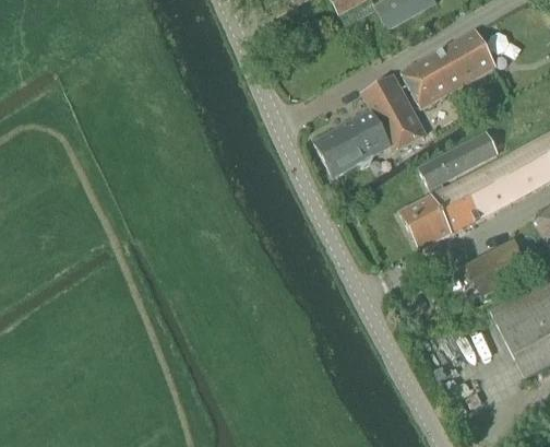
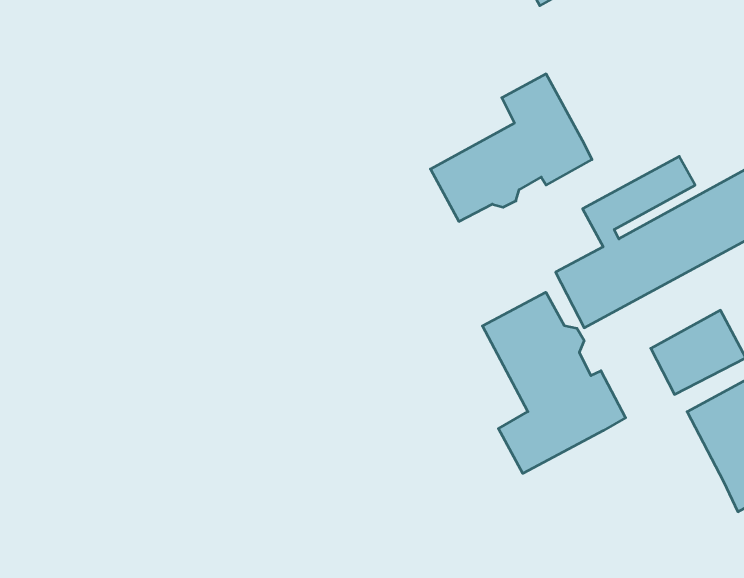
building: [402,30,495,108] -> none
building: none -> [482,292,626,473]

